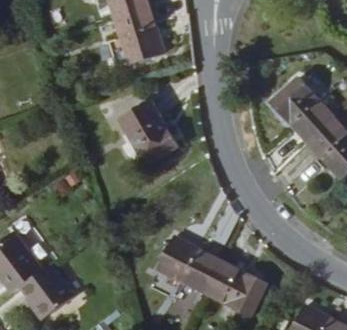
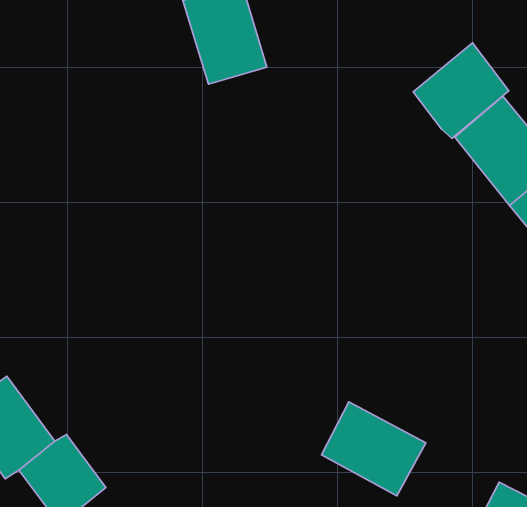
building: none -> [413,43,509,139]
building: [116,104,174,167] -> none
building: [150,231,211,286] -> none

